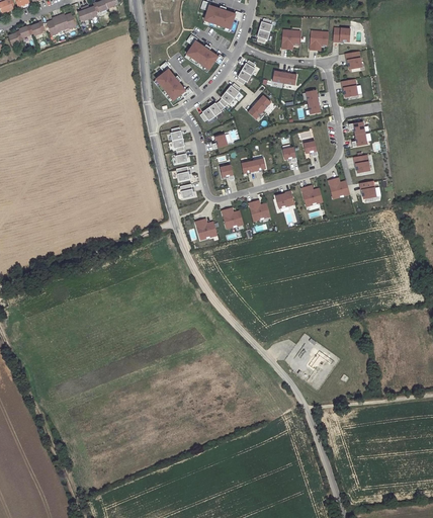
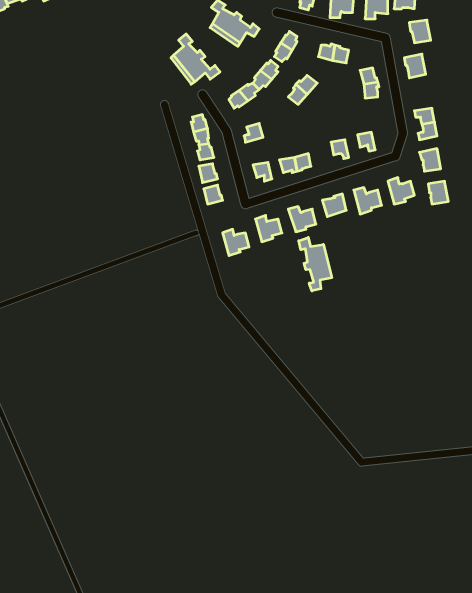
building: none -> [299,237,332,291]

